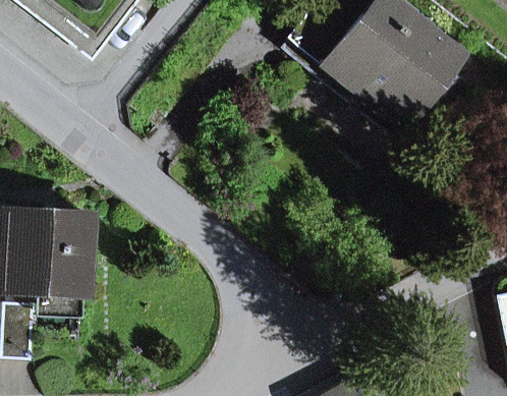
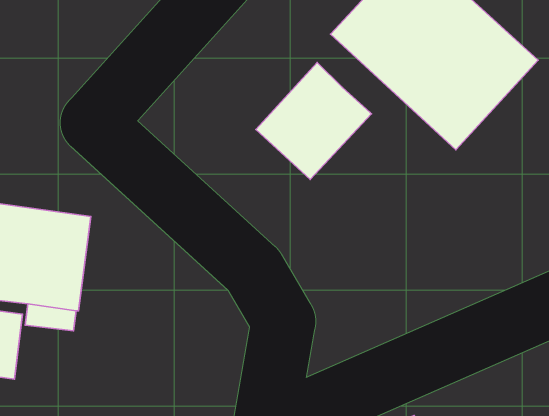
building: none -> [256,63,371,179]

